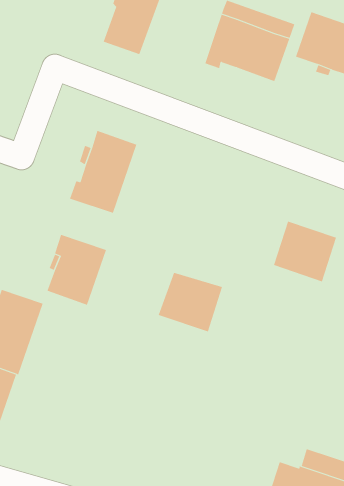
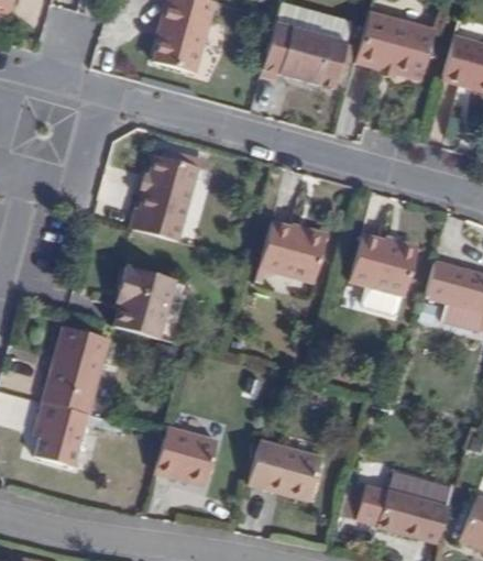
building: [158,272,223,332] -> [261,224,327,285]
building: none -> [156,427,218,485]
building: none -> [250,440,321,498]

